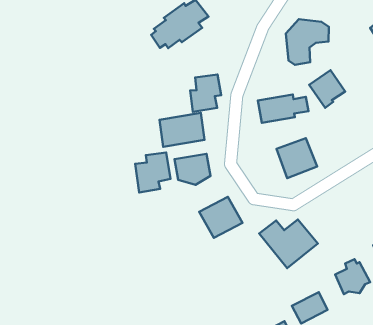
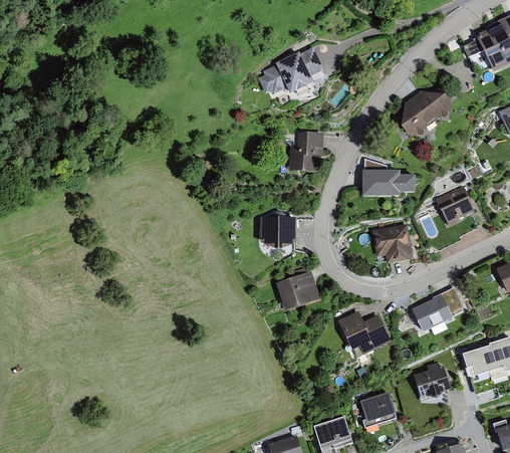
building: [309,70,345,108] -> [436,185,474,225]
building: [160,113,204,147] -> none
building: [135,153,171,192] -> none
building: none -> [412,295,452,333]

